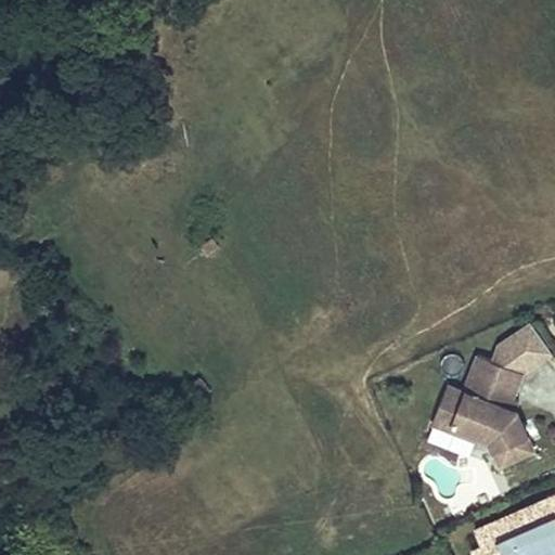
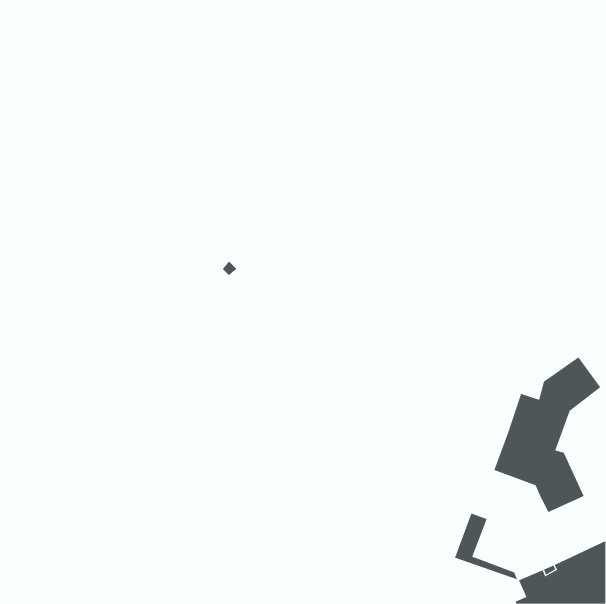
building: [434,390,492,452] -> [454,513,518,580]

